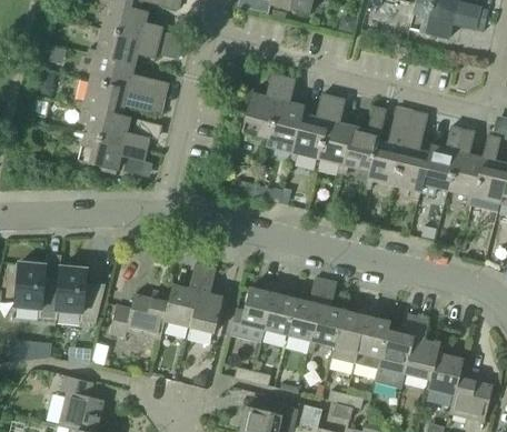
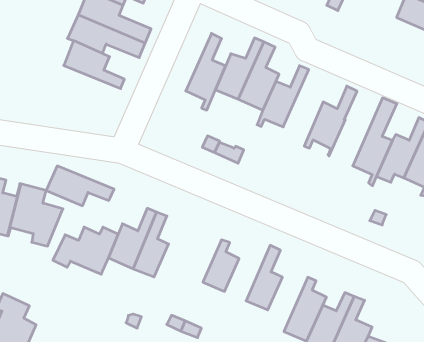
building: [317,97,352,174] -> [186,33,226,110]
building: [366,108,411,190] -> none
building: [79,135,147,171] -> [46,166,114,206]
building: [287,278,325,340] -> none
building: [229,281,275,342] -> none
building: [330,303,368,364] -> none

